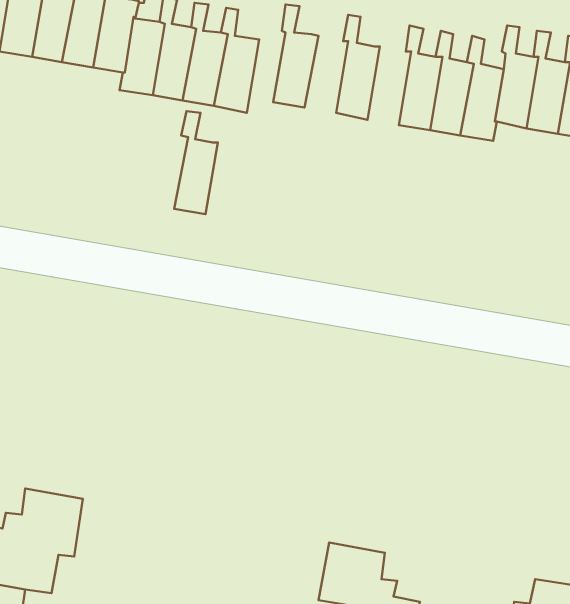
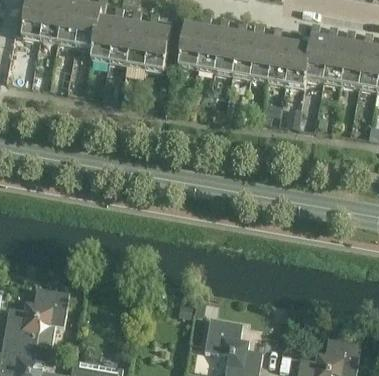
building: none -> [232,19,257,79]
building: [174,111,218,214] -> [196,13,221,72]

